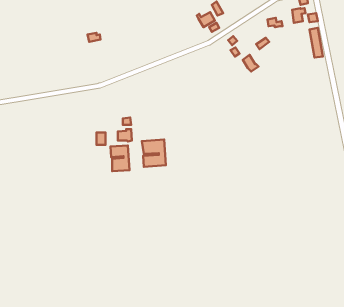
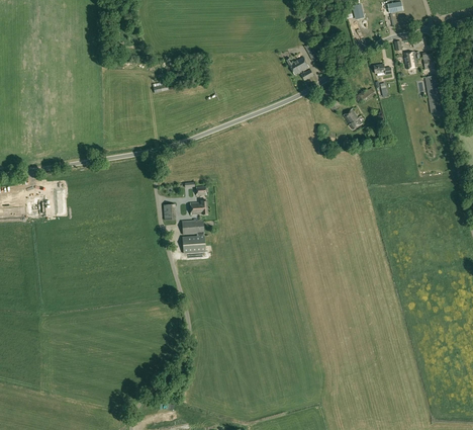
building: [142,139,166,167] -> none

